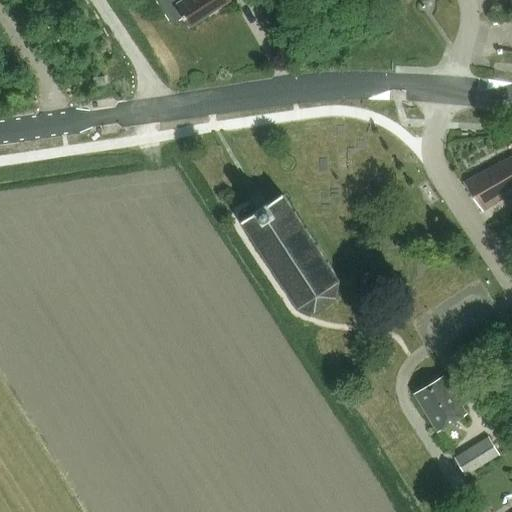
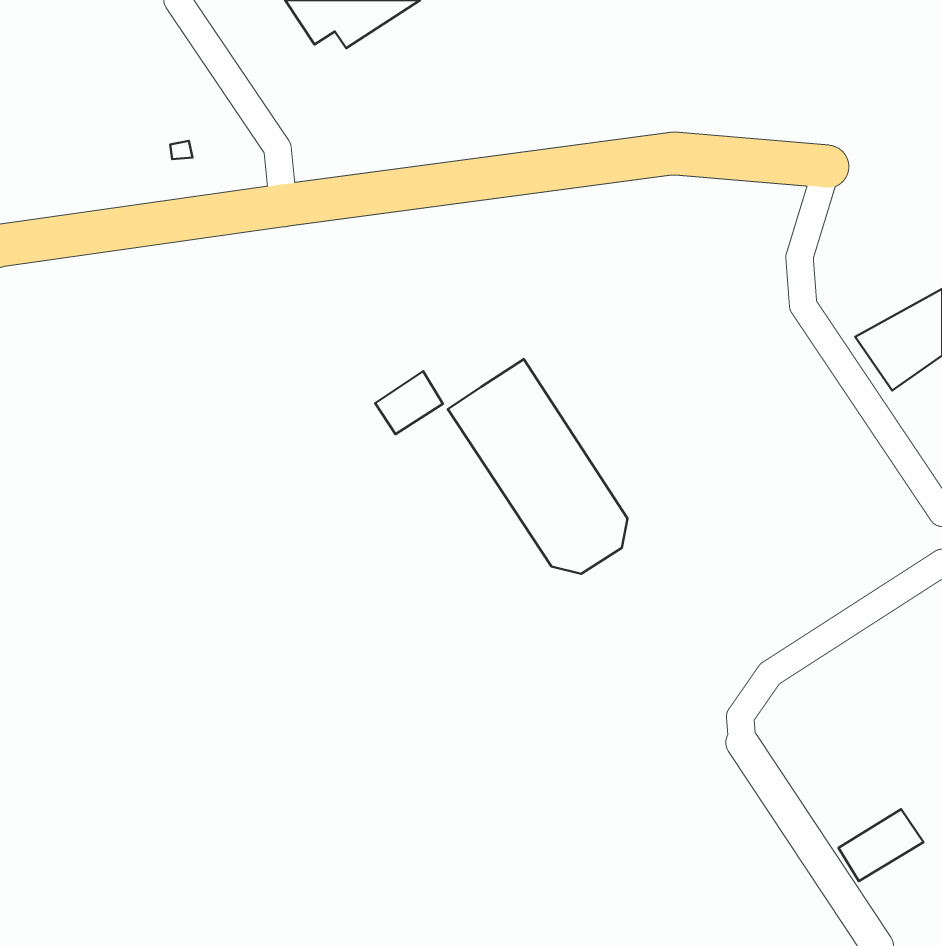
building: none -> [375,371,443,434]
building: [414,376,466,431] -> none

